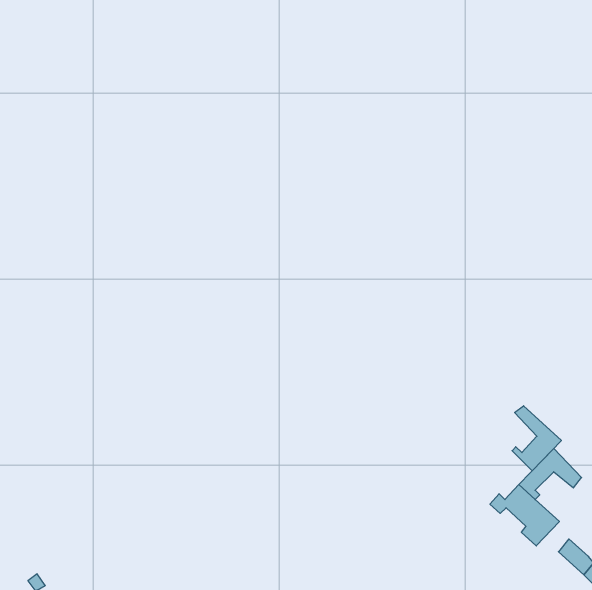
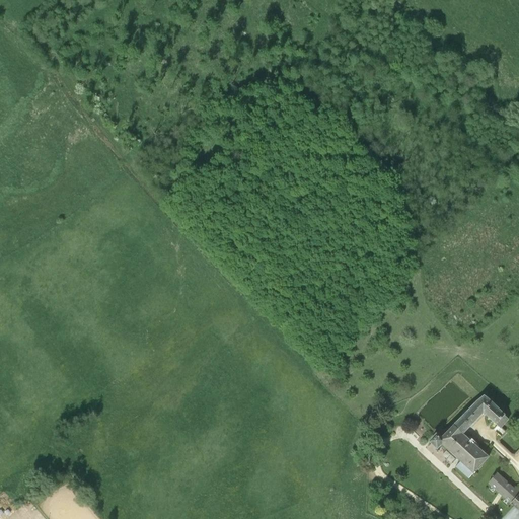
building: [512,406,561,471] -> none

